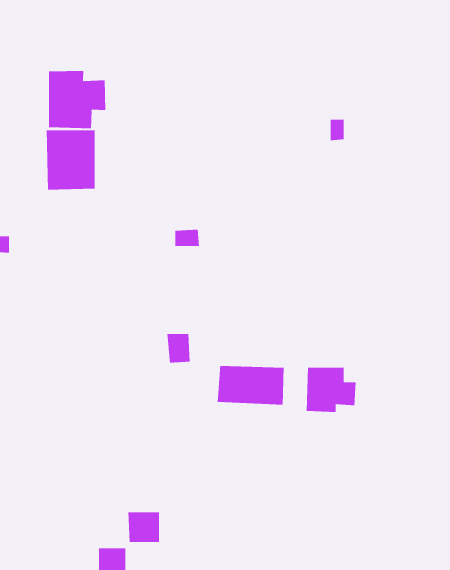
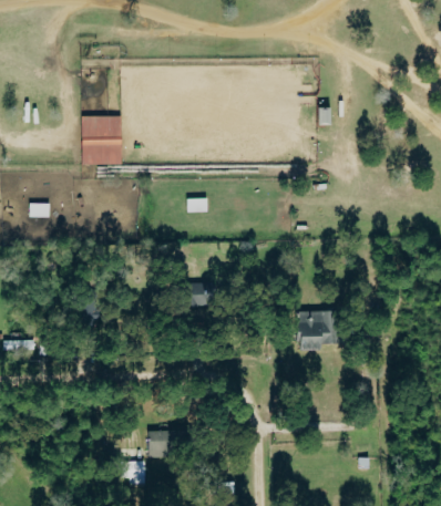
building: [48,70,106,129] -> none
building: [217,365,284,406] -> none

